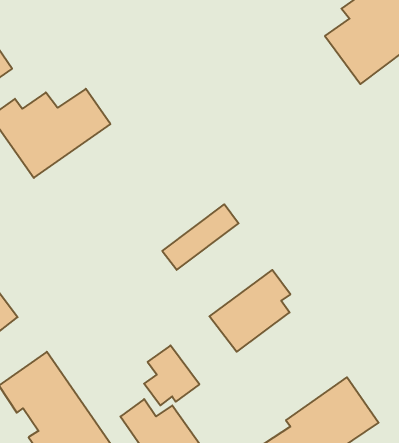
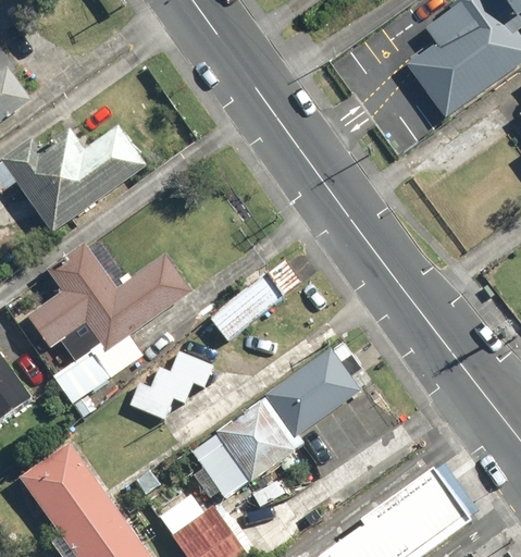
building: none -> [26,235,190,421]
building: none -> [127,351,212,422]
building: none -> [218,397,299,479]

